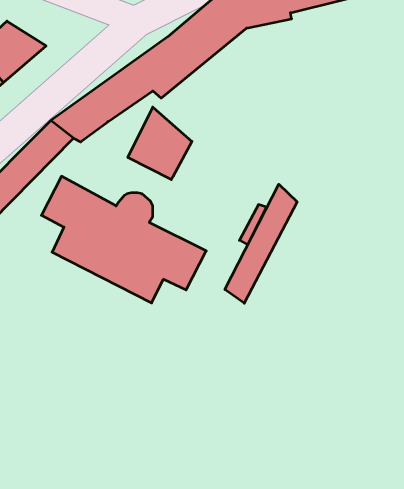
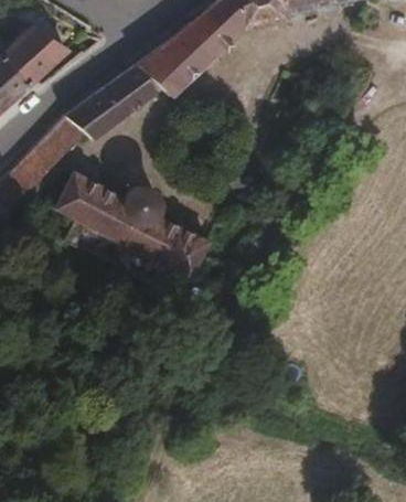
building: [128,107,192,180] -> none
building: [225,184,297,303] -> none

